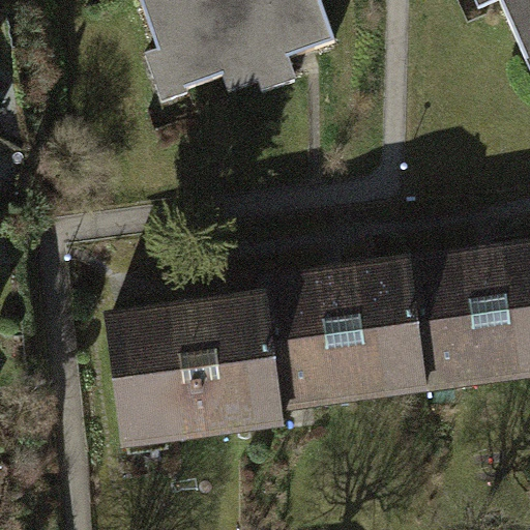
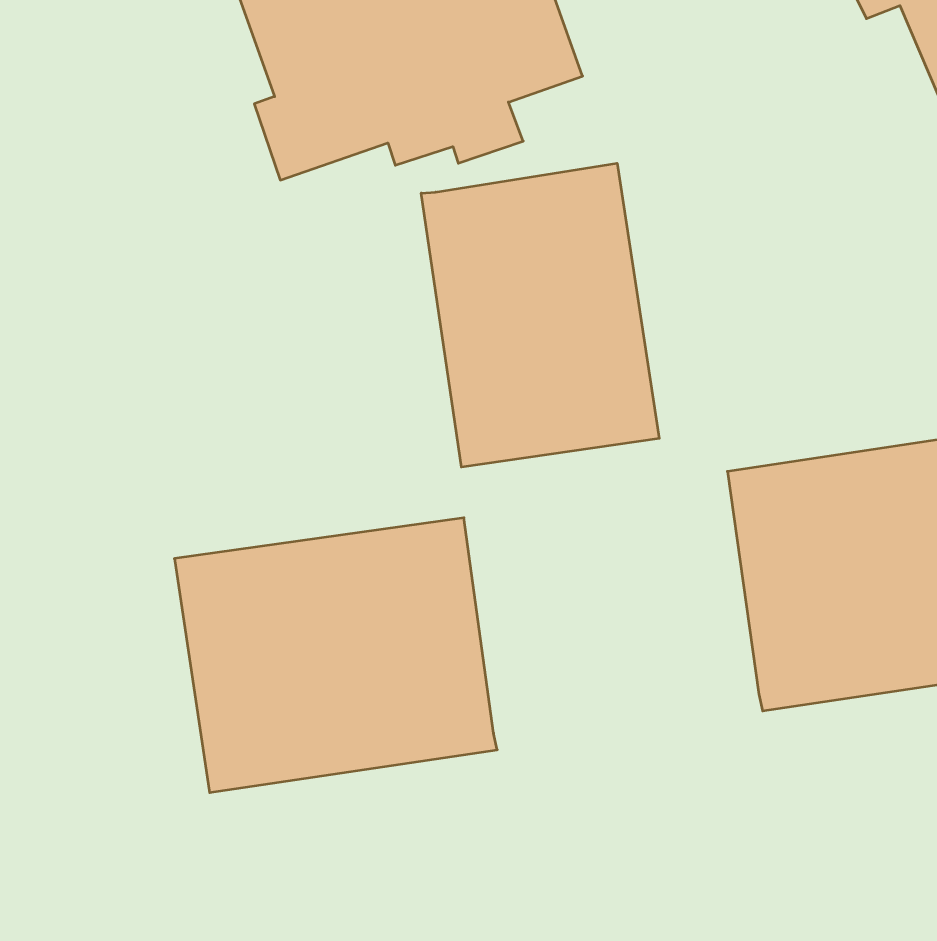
building: none -> [421,163,659,467]
building: [262,251,430,409] -> none

